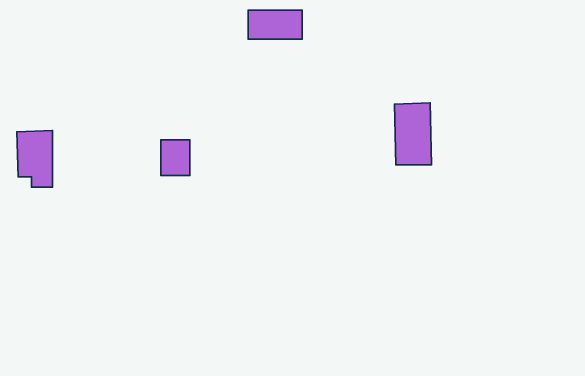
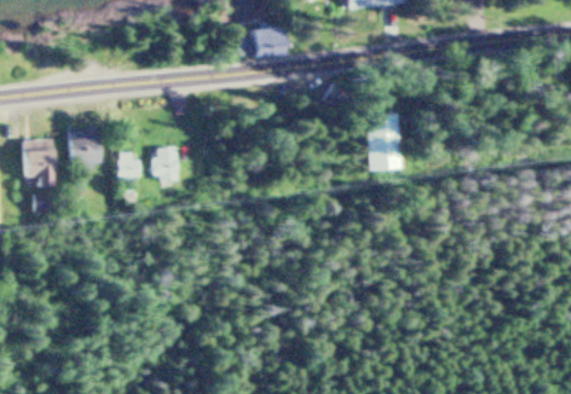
building: none -> [67,135,103,168]
building: none -> [120,155,145,180]

